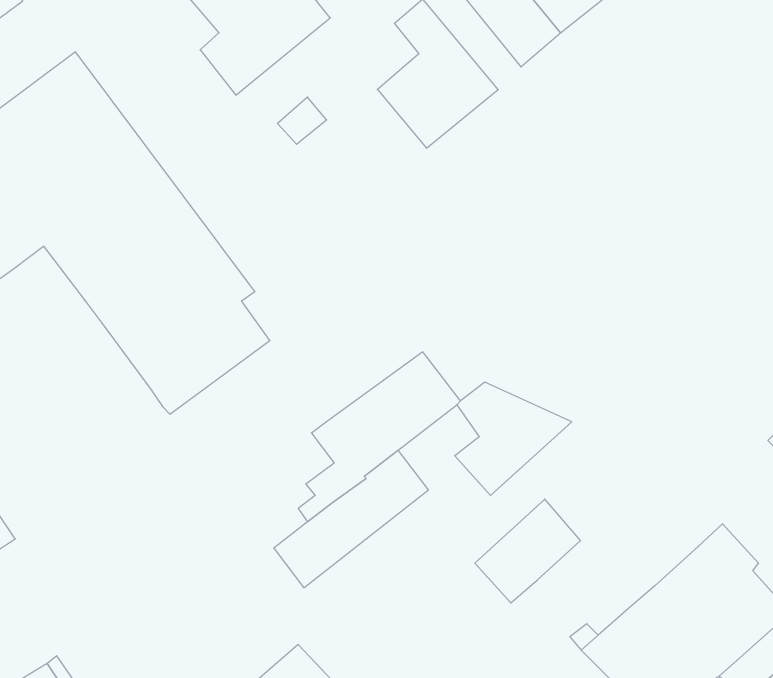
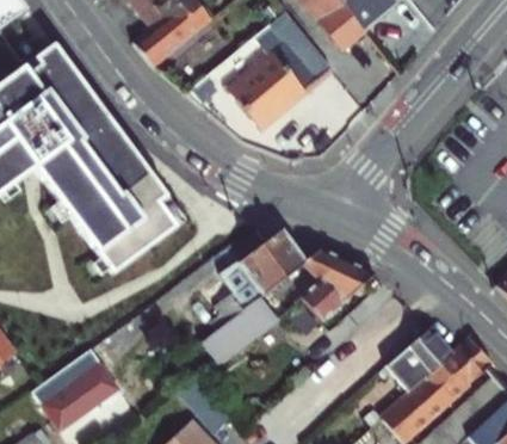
building: none -> [224,66,279,123]
building: [475,499,581,603] -> [384,328,451,394]
building: none -> [37,346,125,430]

